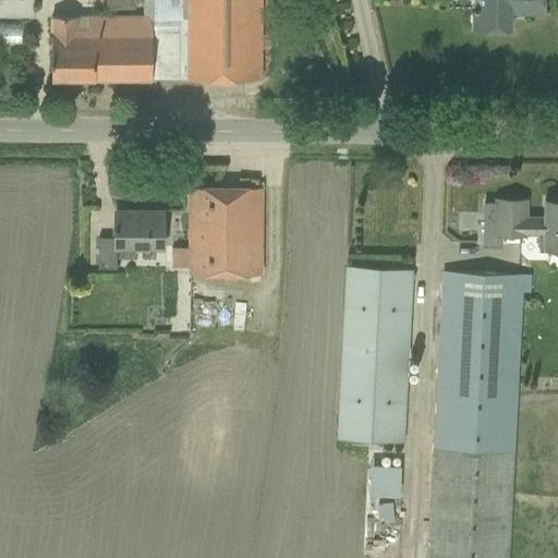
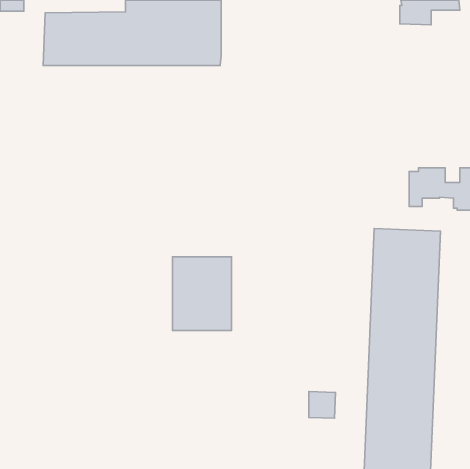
building: [191,189,260,276] -> [173,257,232,331]
building: [99,213,163,266] -> none
building: [338,267,415,442] -> none

